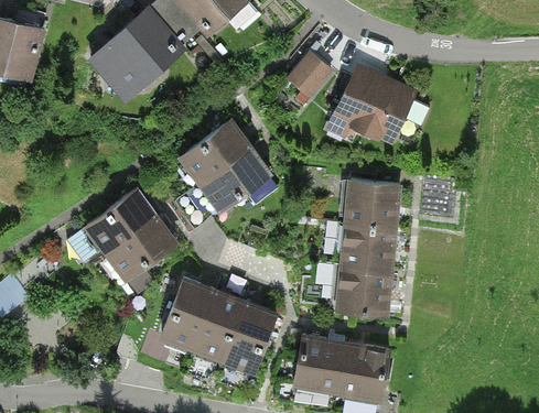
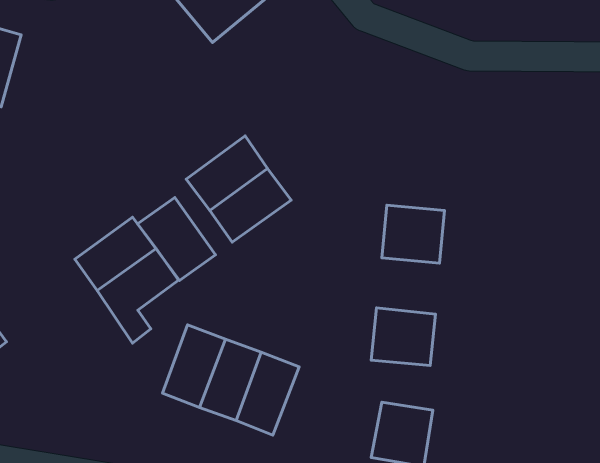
building: [98,10,181,93] -> none
building: [282,55,331,104] -> none
building: [324,64,418,153] -> none
building: none -> [138,198,215,280]
building: [342,221,395,269] -> none
building: [294,335,346,389] -> none

